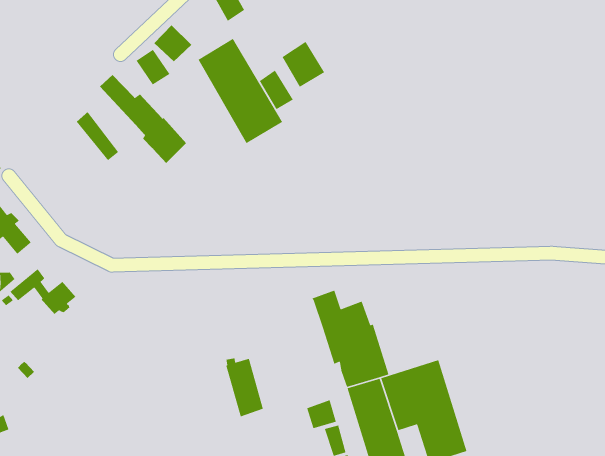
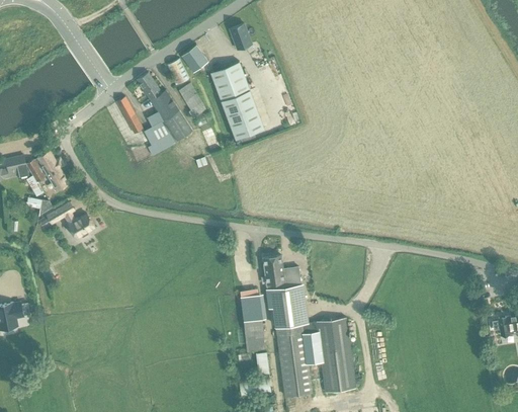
building: [282,41,325,88] -> none
building: [259,69,294,110] -> none
building: none -> [179,83,206,118]
building: none -> [144,112,172,156]
building: [225,358,264,417] -> [241,293,263,336]

